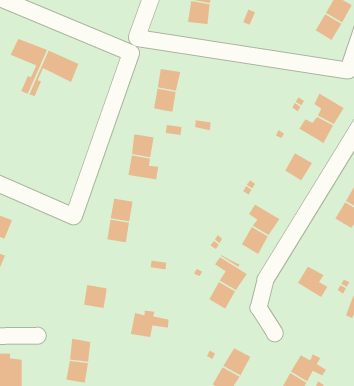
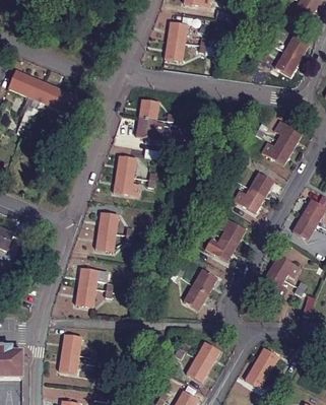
building: none -> [233,188,264,213]
building: none -> [269,254,300,278]
building: [130,310,170,338] -> [77,265,112,289]

